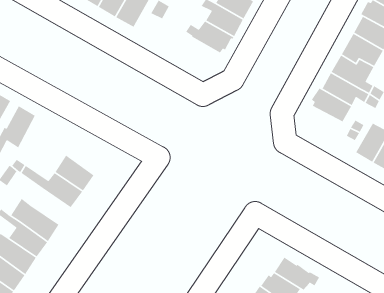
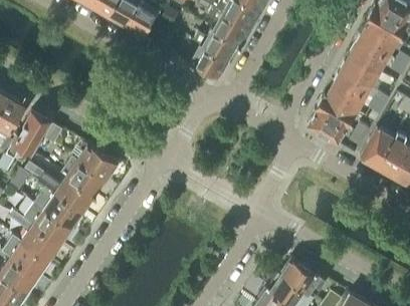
building: none -> [186,45,228,79]
building: none -> [309,112,348,145]
building: none -> [77,141,117,180]
building: none -> [43,193,82,228]

